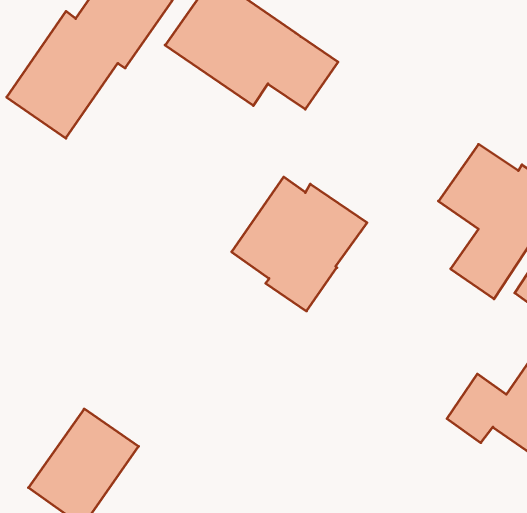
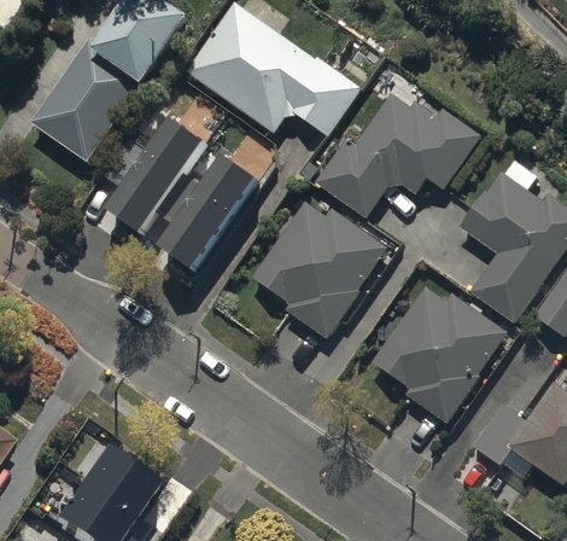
building: none -> [316,95,481,220]
building: none -> [99,110,257,267]
building: none -> [372,289,510,425]

